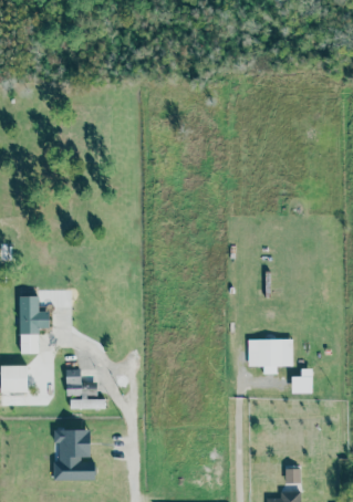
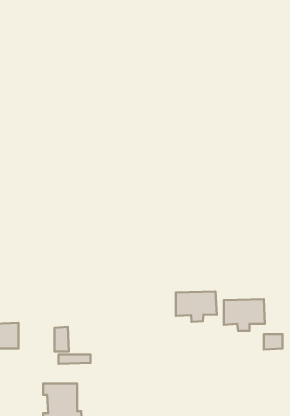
building: [20,295,50,353] -> none
building: none -> [176,292,217,322]

